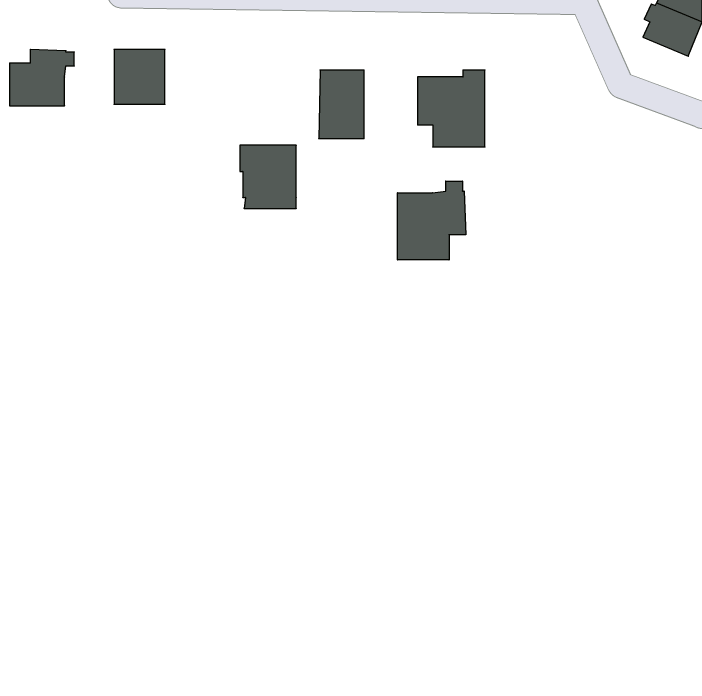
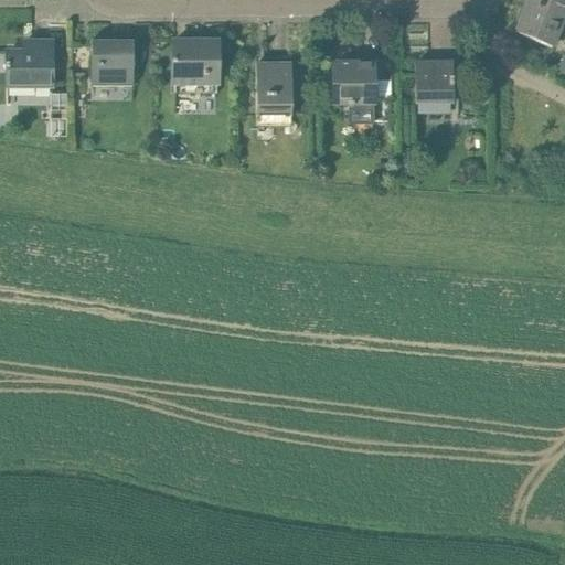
building: none -> [416,61,454,102]
building: [240,145,296,208] -> [173,40,218,90]
building: [398,181,466,260] -> none

